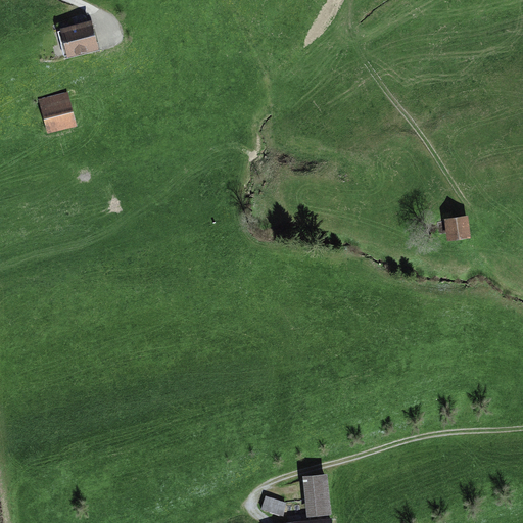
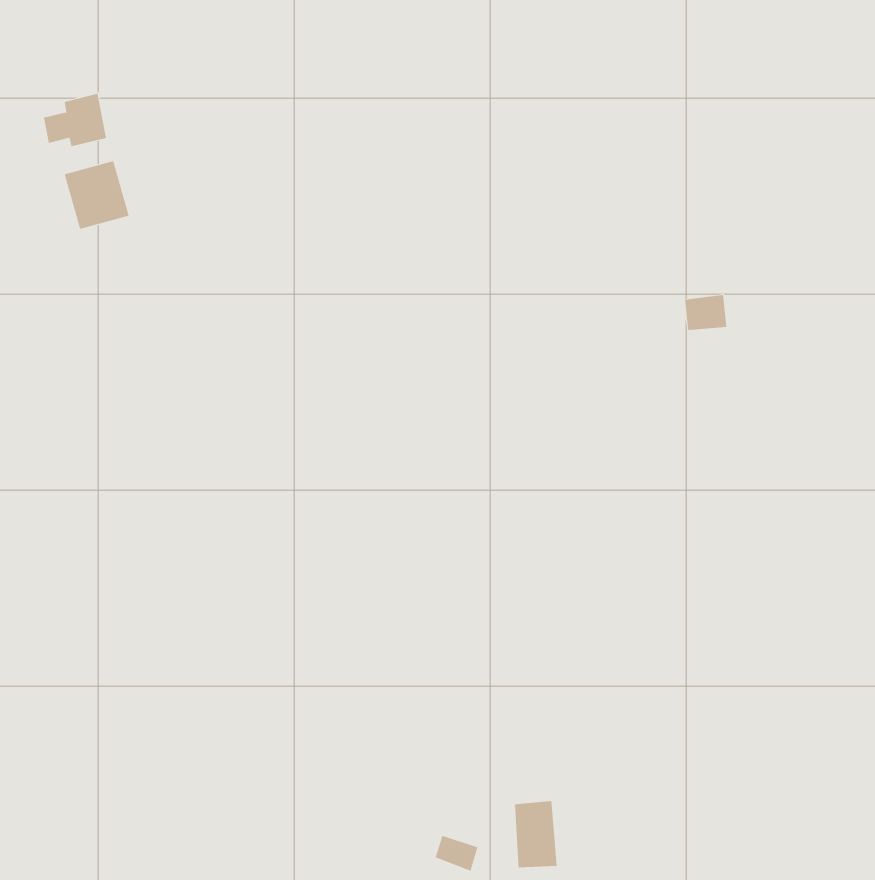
building: [60,19,98,51] -> [43,93,107,147]
building: [442,215,468,236] -> [684,294,727,331]

